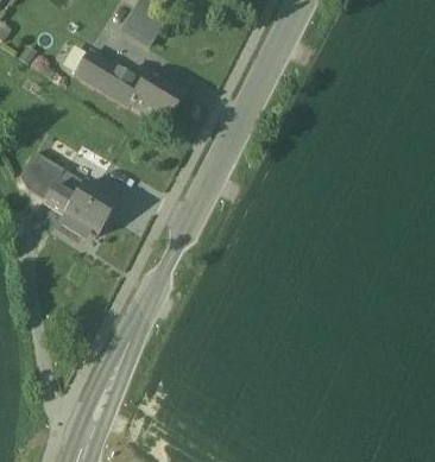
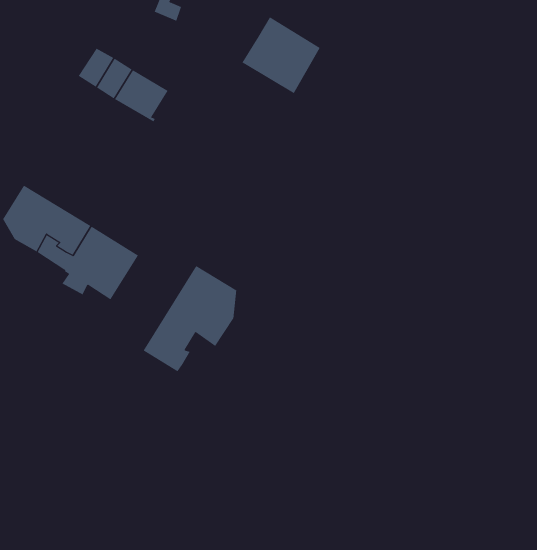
building: [127,69,184,125] -> [241,16,320,94]
building: none -> [143,265,237,372]

